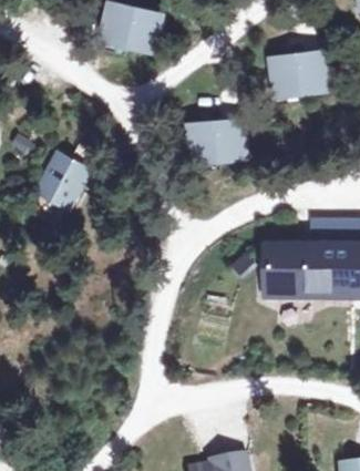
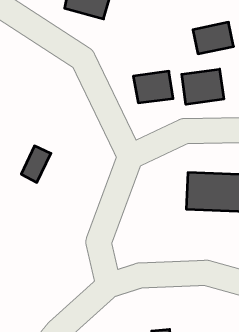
building: none -> [182,69,224,104]
building: [48,158,88,207] -> [21,146,51,182]

